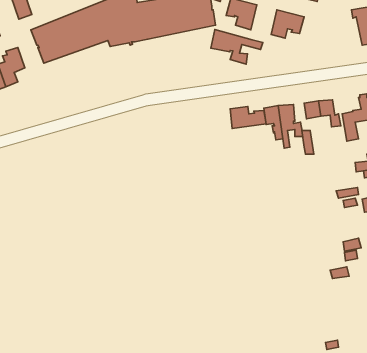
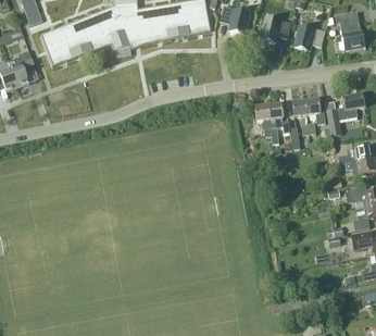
building: none -> [296,24,326,50]
building: [211,29,263,64] -> none
building: [230,106,266,129] -> none

